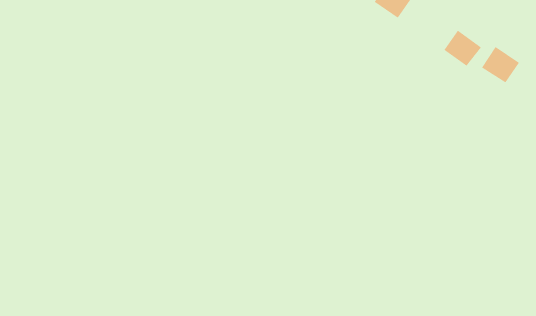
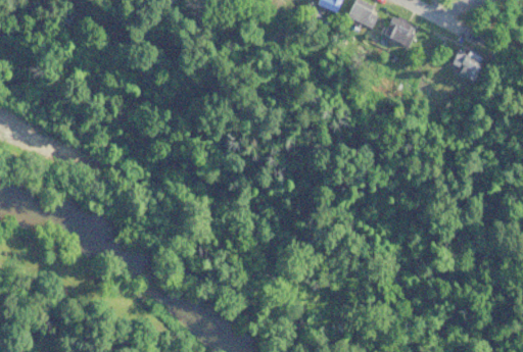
building: [443,30,482,67] -> [383,14,418,47]

